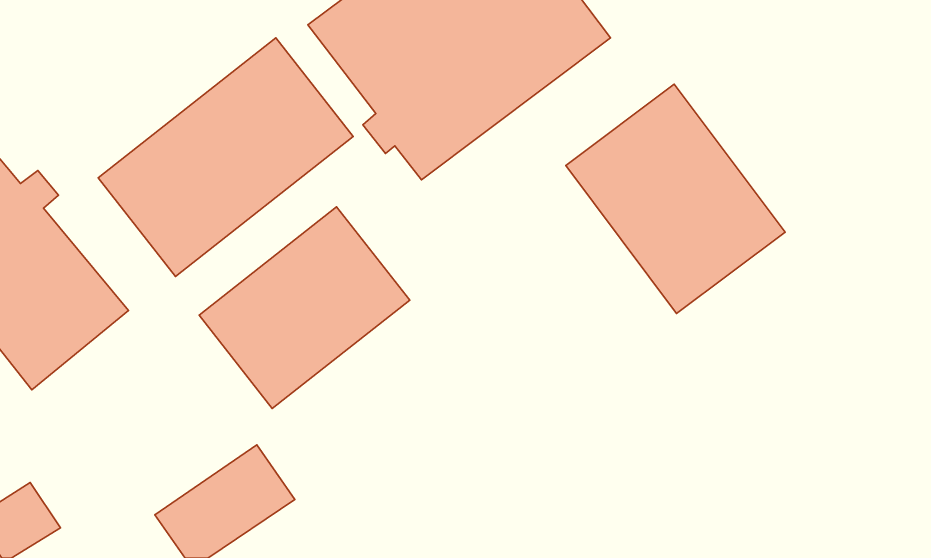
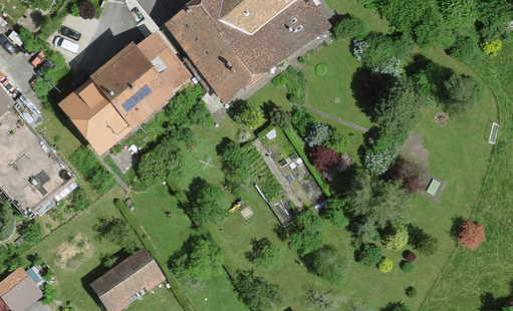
building: [566,84,785,314] -> none
building: [199,207,410,409] -> none

